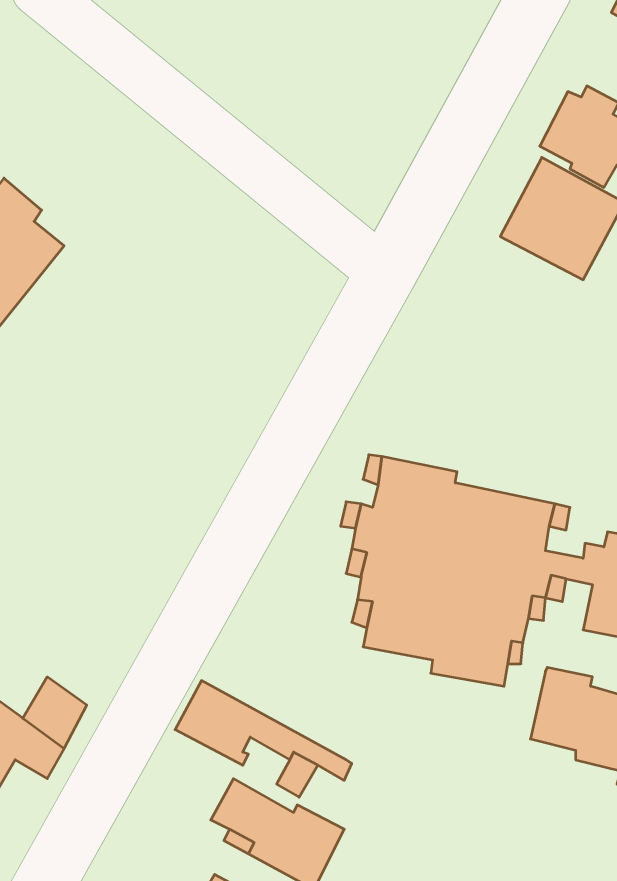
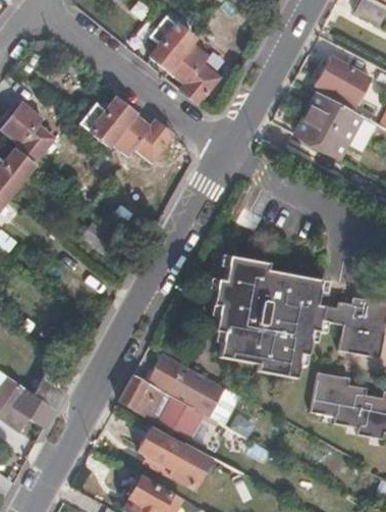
building: none -> [152,16,222,106]
building: none -> [82,101,174,163]
building: none -> [147,353,225,417]

